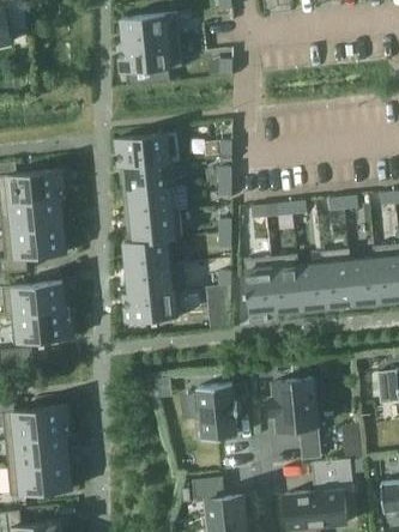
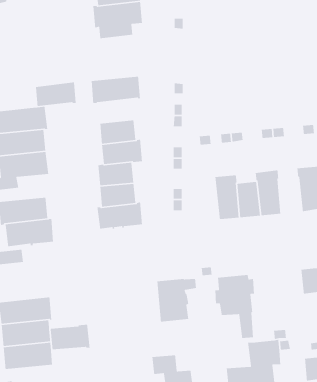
building: [125,159,176,191] -> [35,82,77,107]
building: [243,256,277,319] -> none
building: [349,258,379,303] -> none
building: none -> [50,324,91,350]

